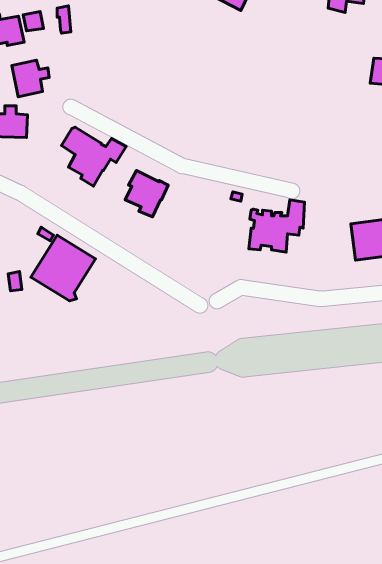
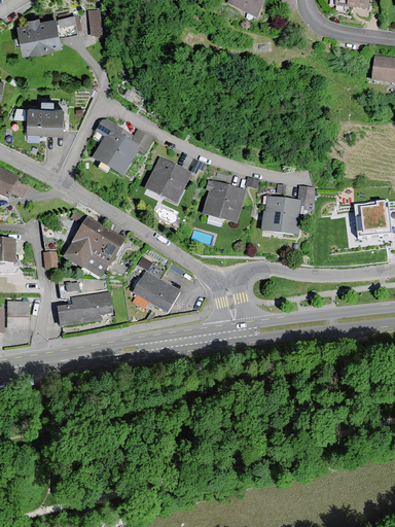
building: [12,60,49,97] -> none
building: none -> [203,182,244,223]
building: none -> [133,253,179,313]
building: none -> [58,276,111,326]

